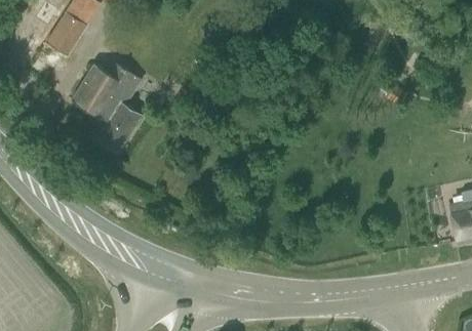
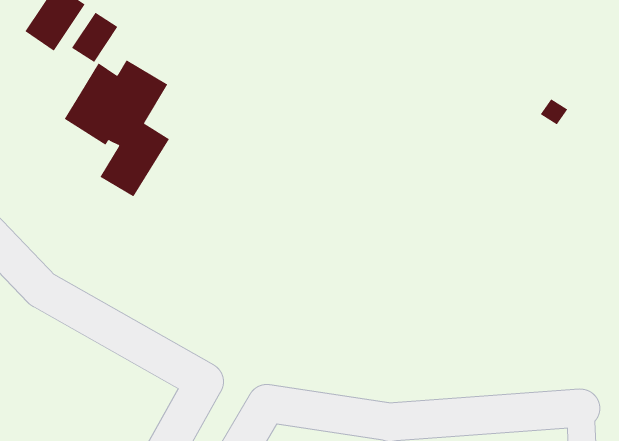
building: none -> [71,12,118,63]

